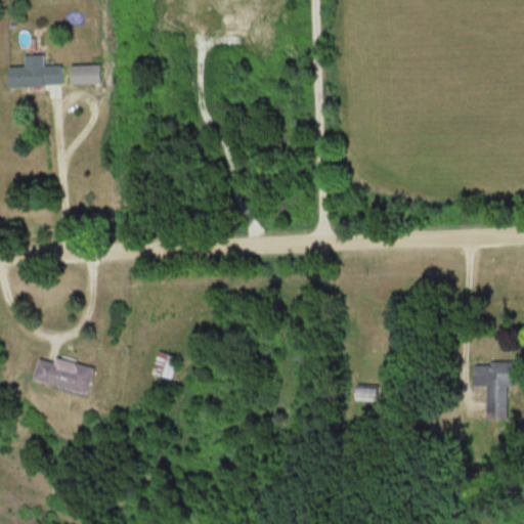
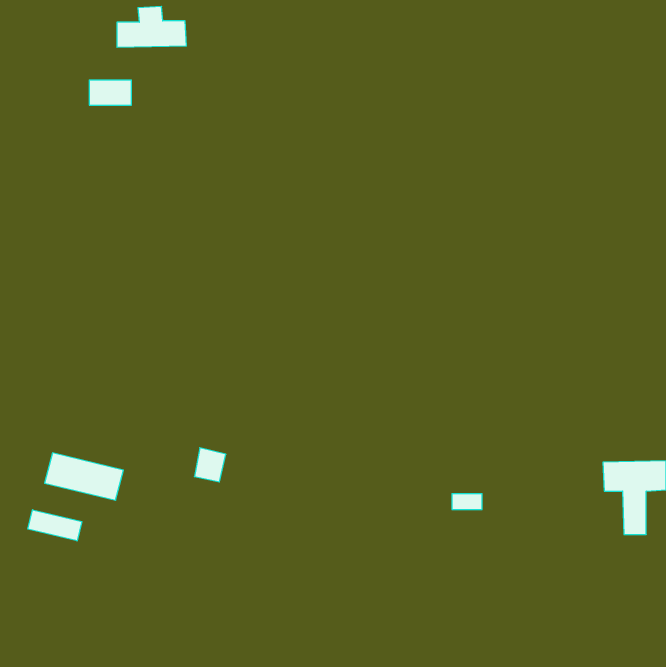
building: [7,55,61,87] -> [117,6,186,47]
building: none -> [28,510,82,541]

